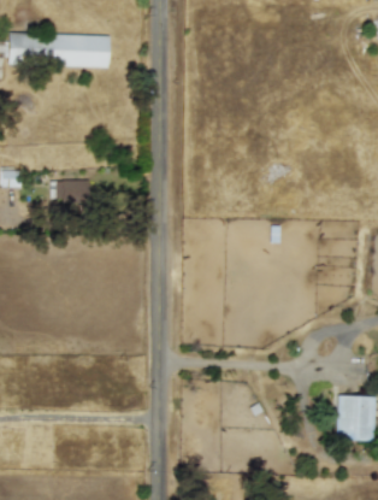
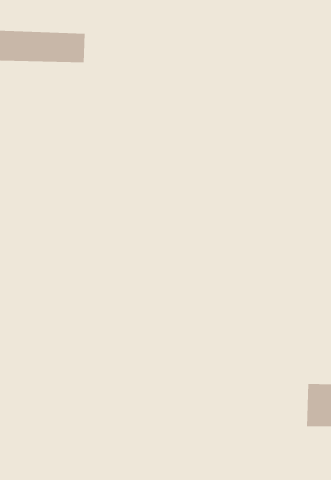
building: [49,180,90,202] -> none

